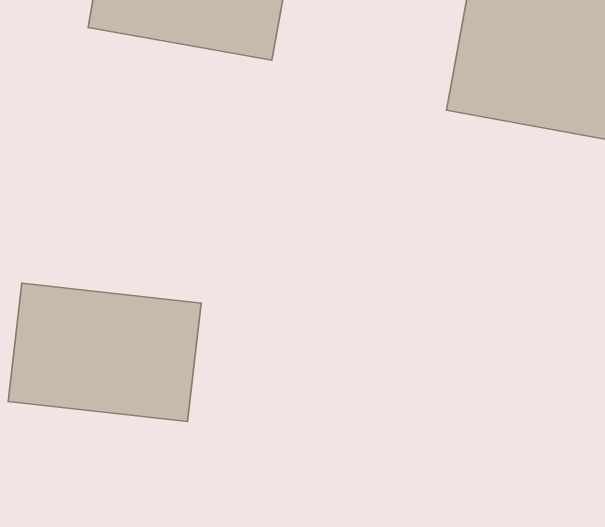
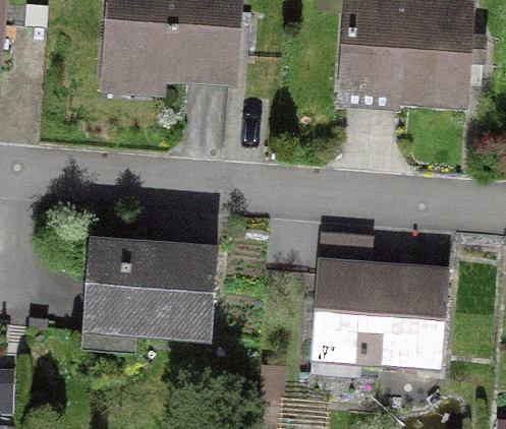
building: none -> [320,267,443,353]

